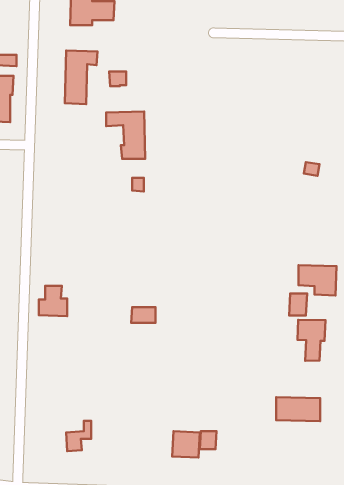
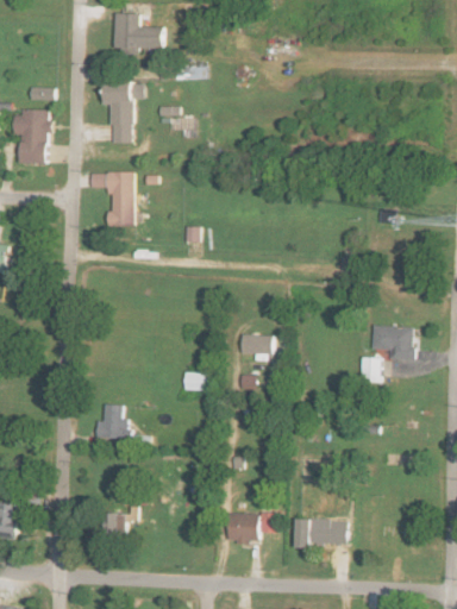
building: [106,111,145,159] -> [88,171,132,225]
building: none -> [240,334,273,354]
building: [39,286,67,316] -> [95,404,127,439]
building: [297,320,325,361] -> none
building: [276,397,320,421] -> [296,519,346,546]

